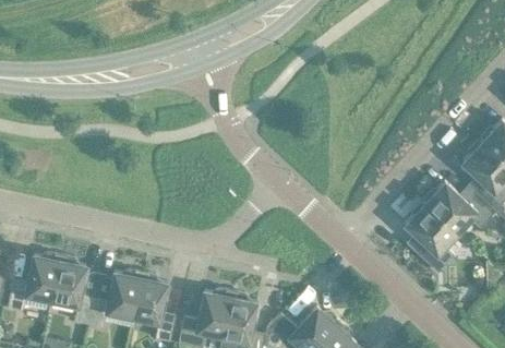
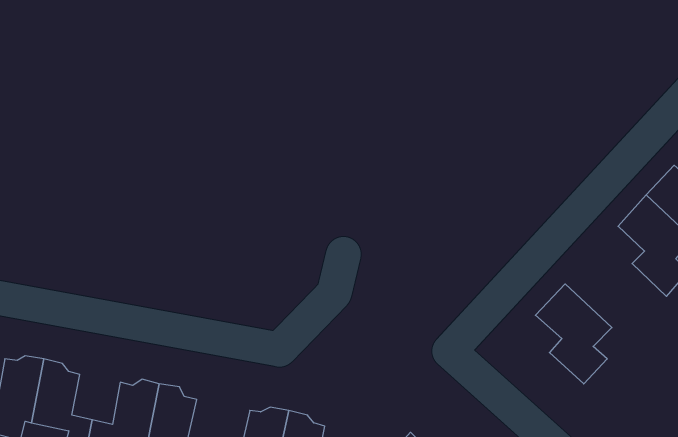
building: [425,182,496,235] -> none

